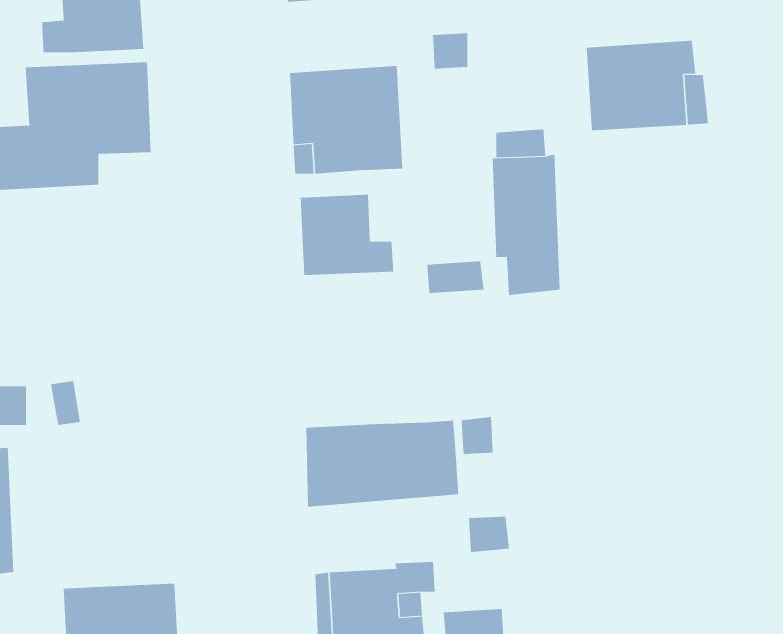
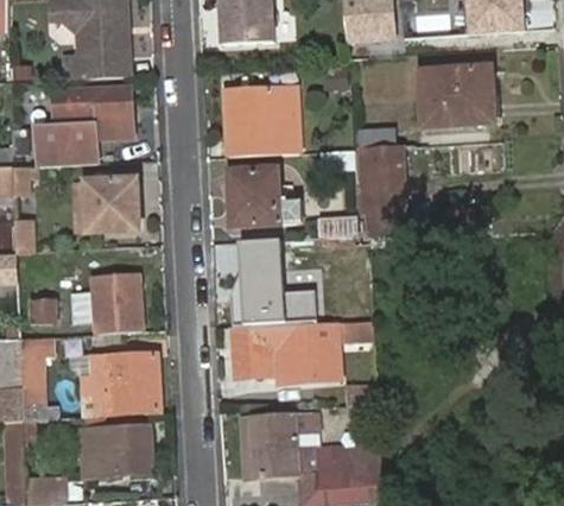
building: none -> [85,178,139,229]
building: none -> [210,240,315,324]
building: none -> [89,267,141,333]
building: none -> [89,353,157,413]

